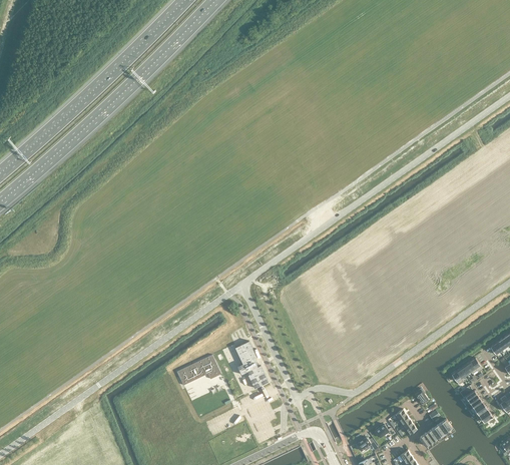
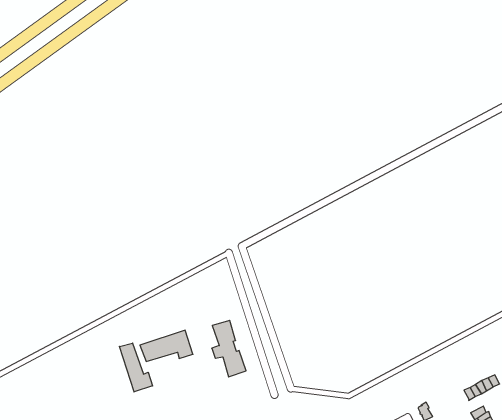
building: none -> [119,343,153,392]

